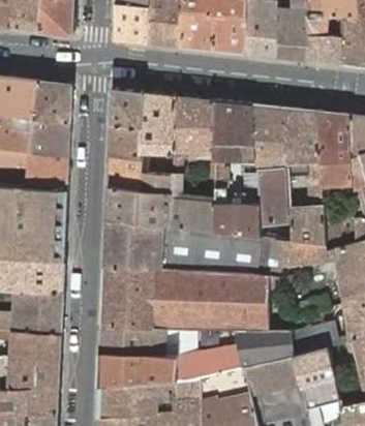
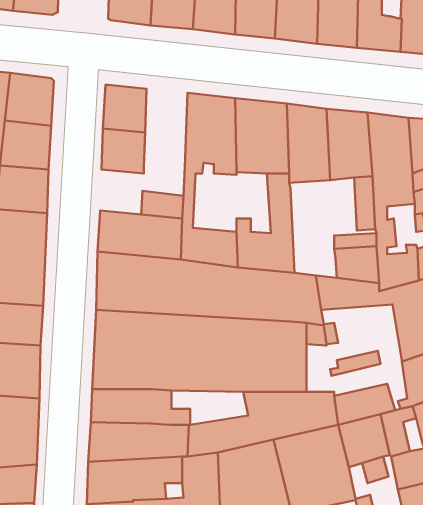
building: [142,93,176,154] -> none
building: [108,156,142,191] -> none
building: [256,170,293,241] -> none

